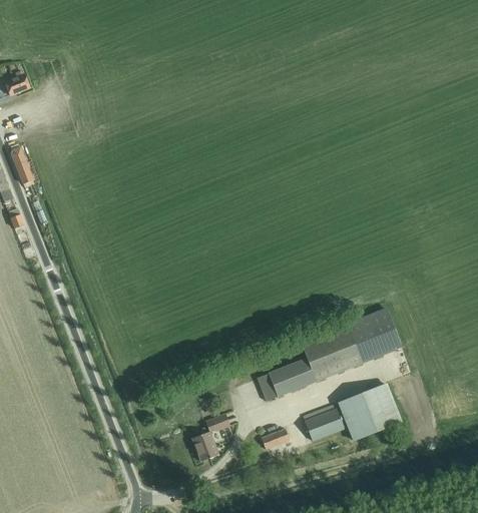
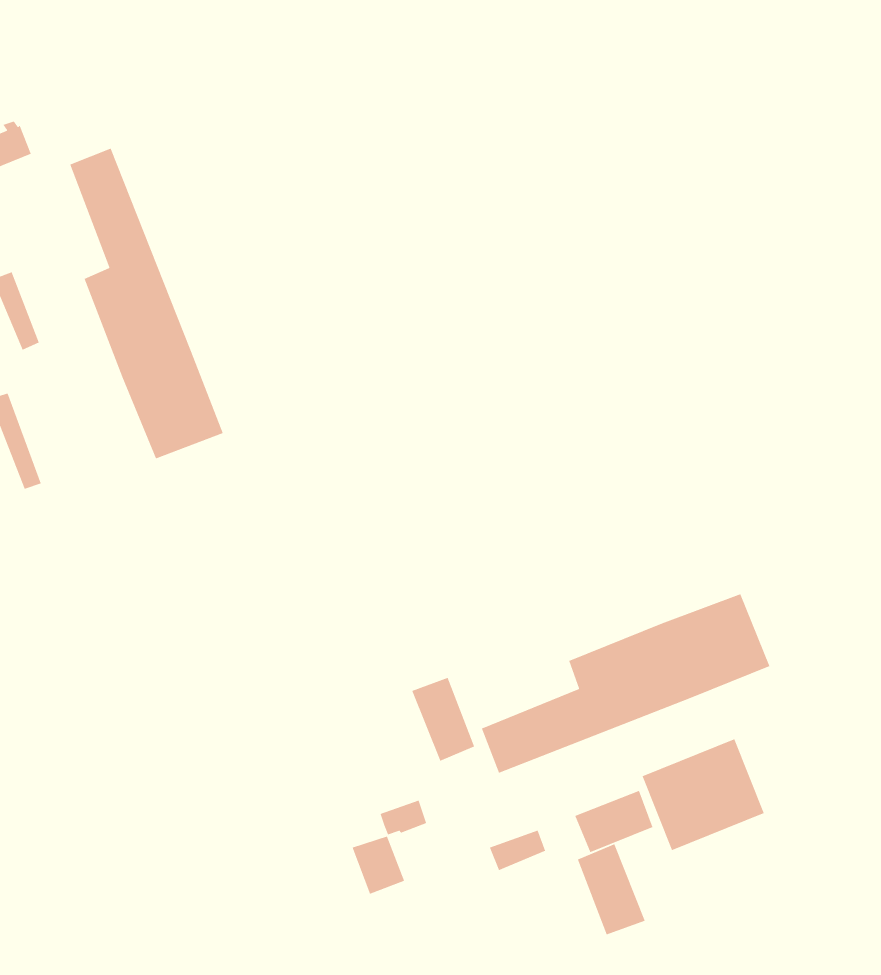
building: none -> [69,147,224,460]
building: none -> [411,677,475,762]
building: none -> [577,843,646,935]

